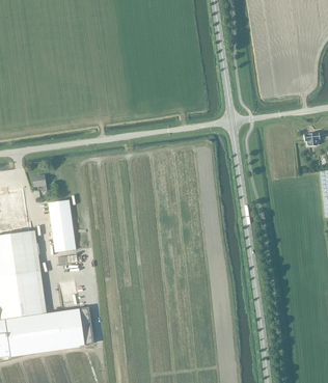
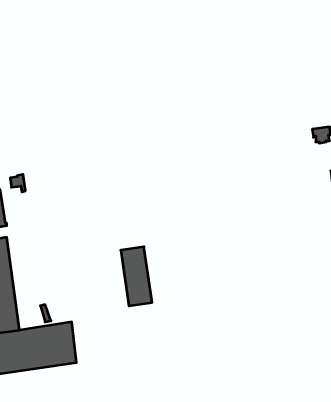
building: [48,199,76,252] -> [121,247,152,306]

